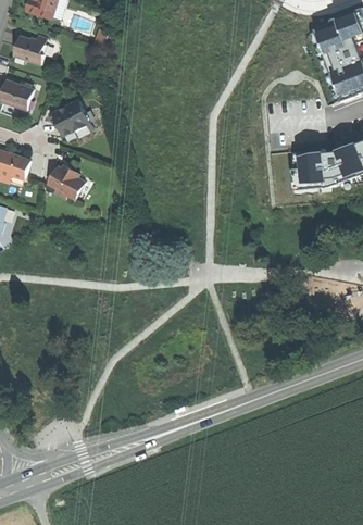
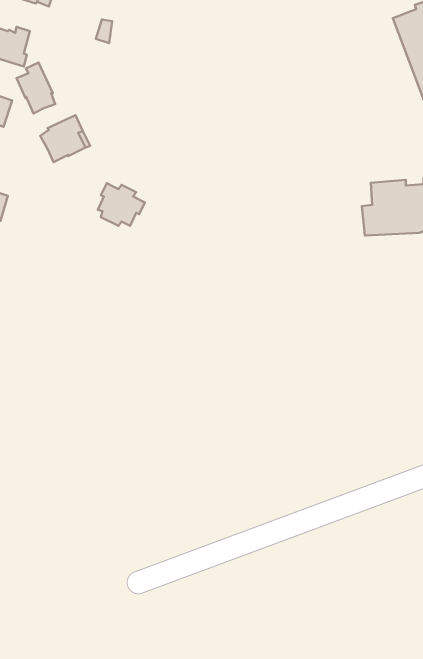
building: none -> [16,62,55,113]
building: [48,167,83,199] -> [98,183,145,226]

